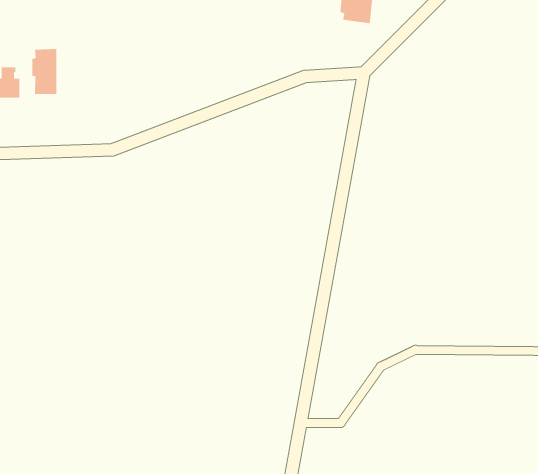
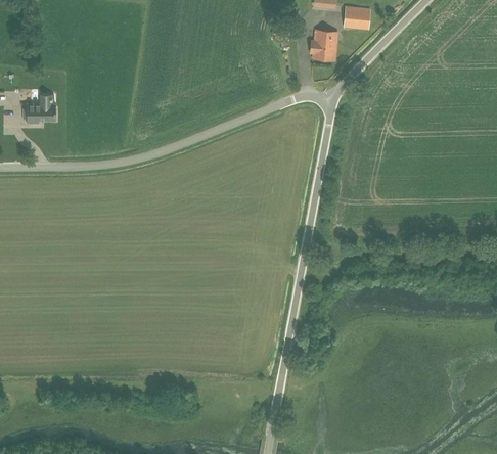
building: [31,48,57,95] -> none

